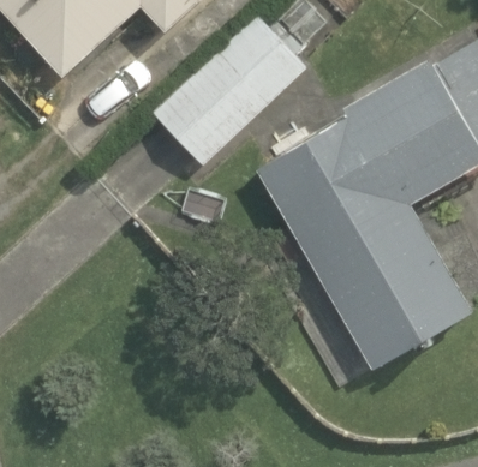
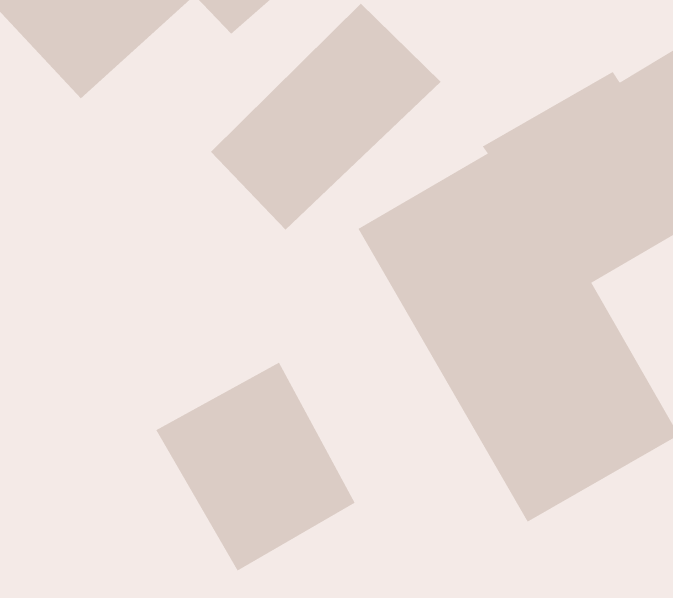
building: none -> [155,362,356,572]

